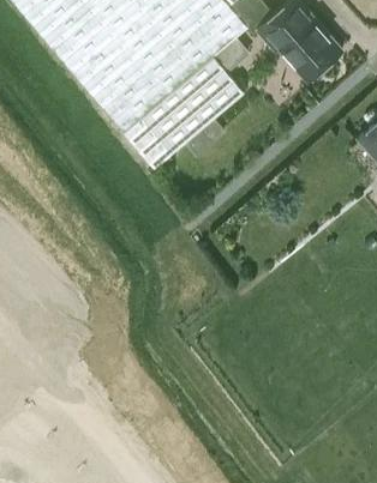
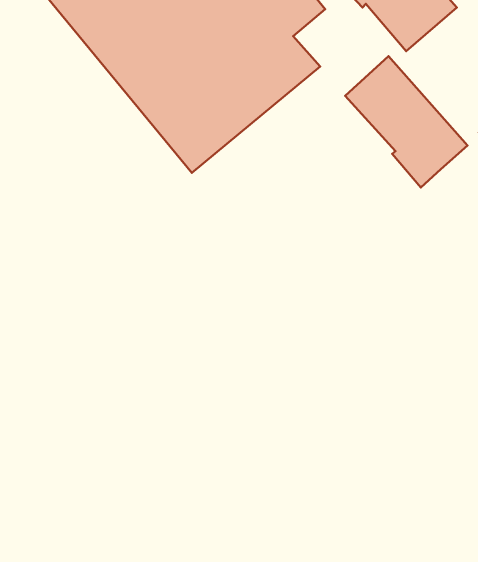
building: none -> [345,56,467,188]

